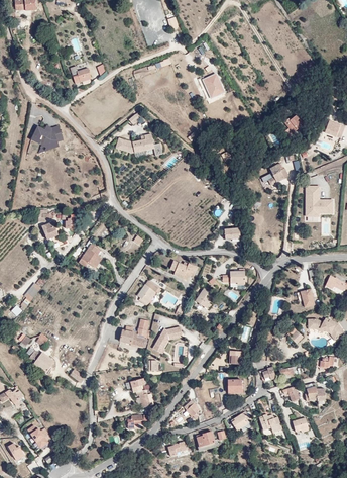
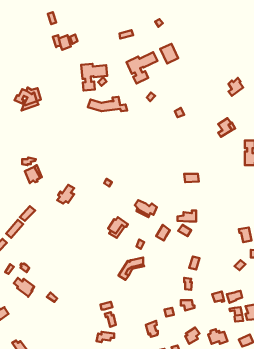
building: none -> [126,52,157,83]
building: none -> [81,64,107,90]
building: [120,317,151,347] -> none

